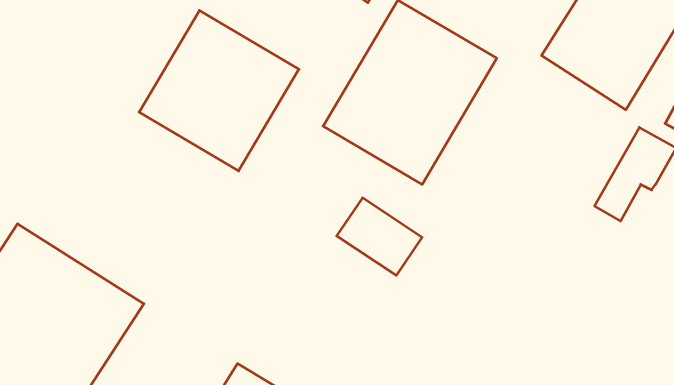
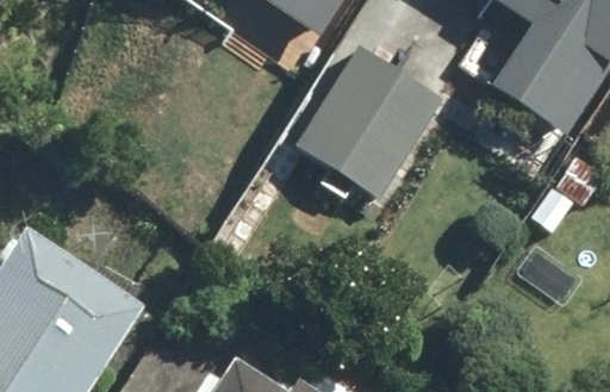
building: [139,10,299,171] -> none

